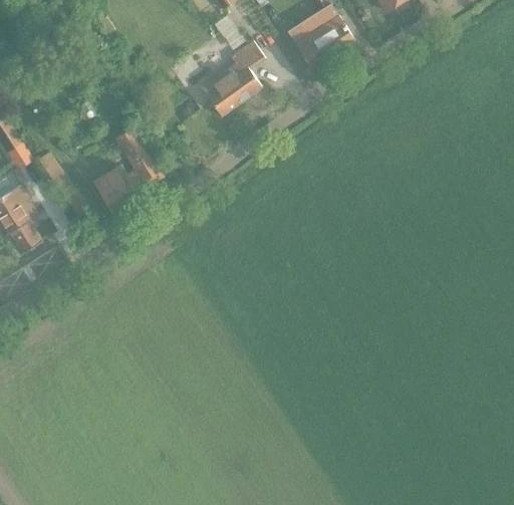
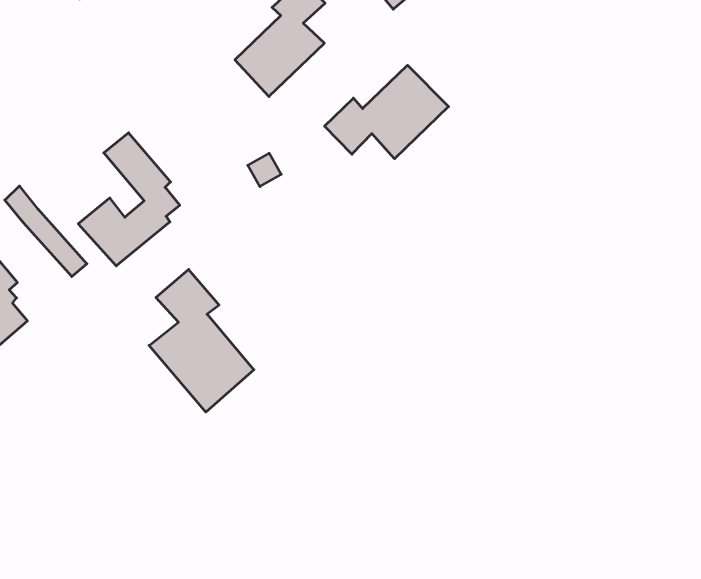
building: none -> [325,65,449,159]
building: none -> [149,269,254,412]

